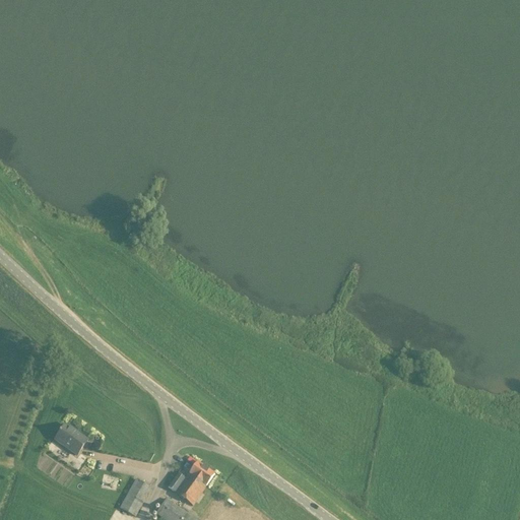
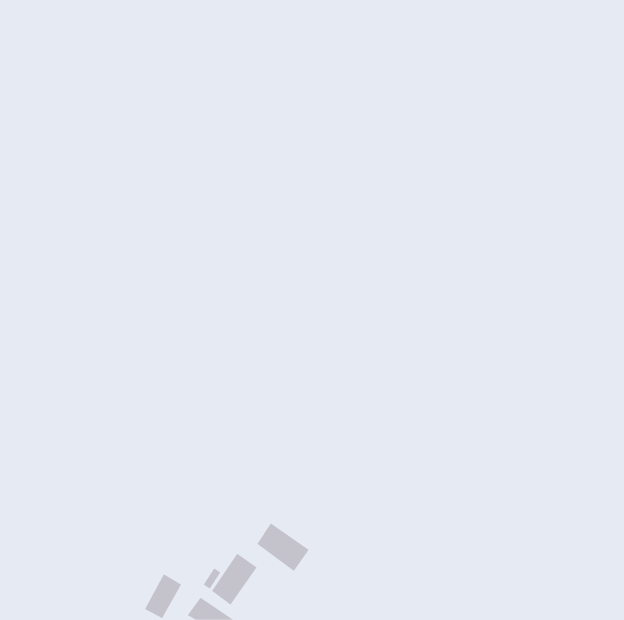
building: [55,424,87,454] -> none
building: none -> [256,523,309,572]

